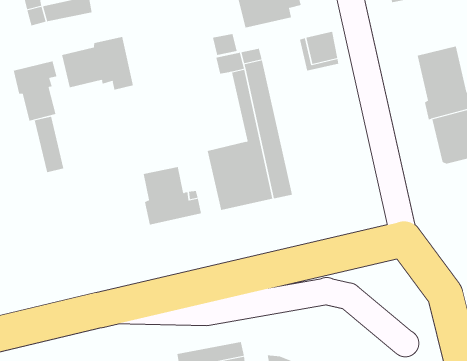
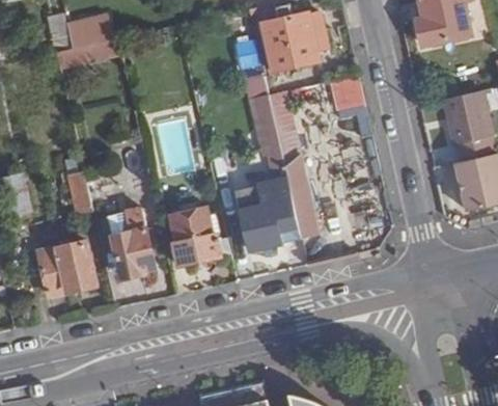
building: [62,36,133,91] -> none
building: [13,61,57,121] -> none
building: none -> [107,208,155,279]
building: none -> [36,242,98,297]

